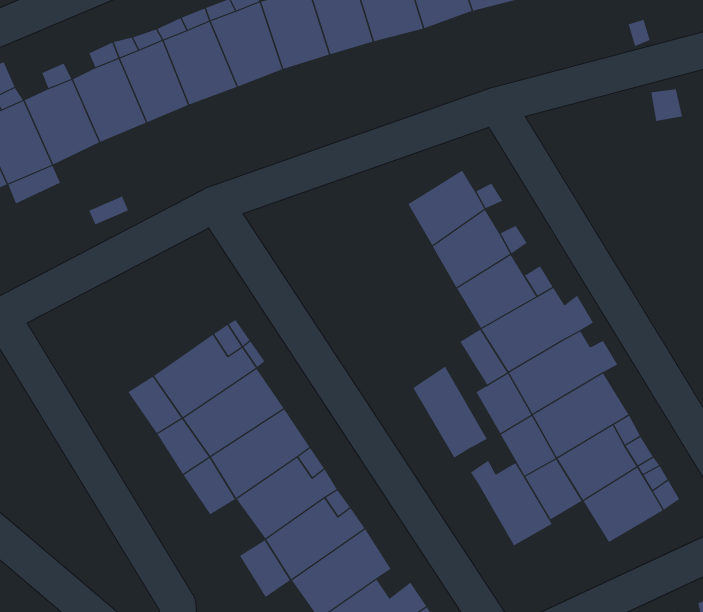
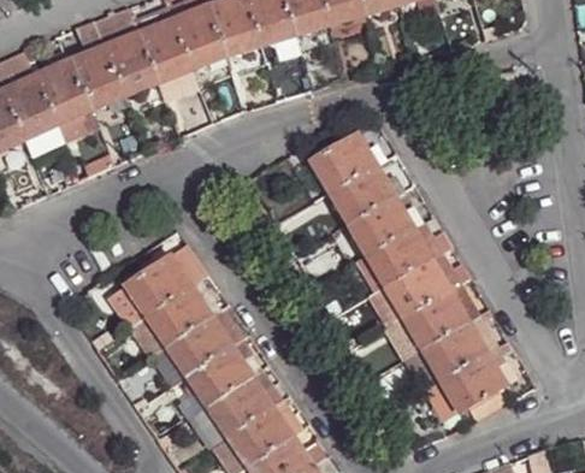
building: [413,366,487,458] -> none
building: [470,460,553,546] -> none

